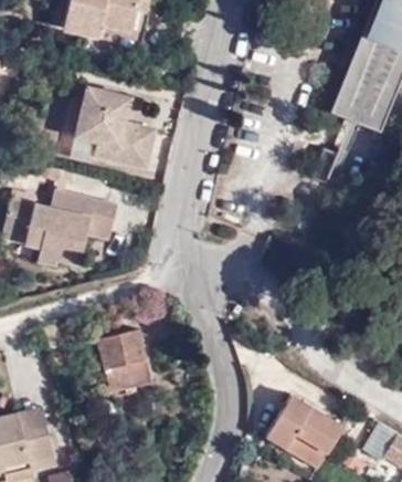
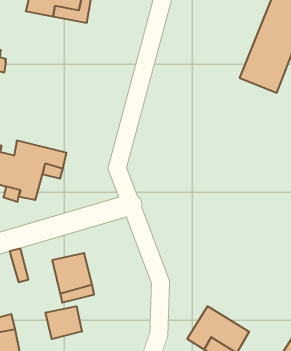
building: [76,86,155,167] -> none
building: none -> [45,306,82,339]

